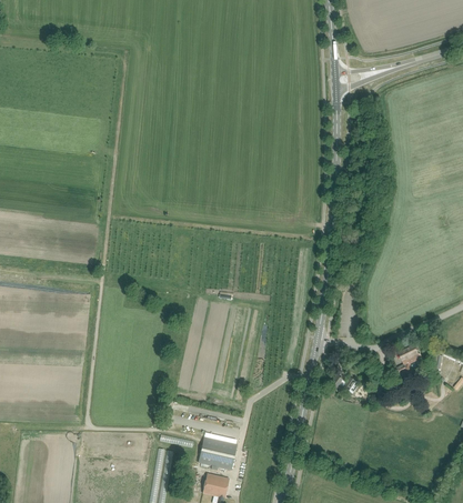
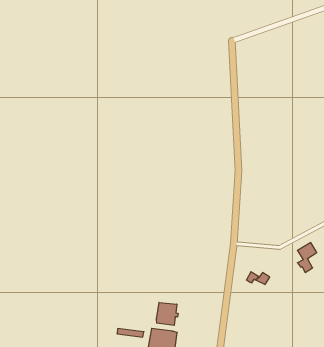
building: none -> [157,302,178,325]

